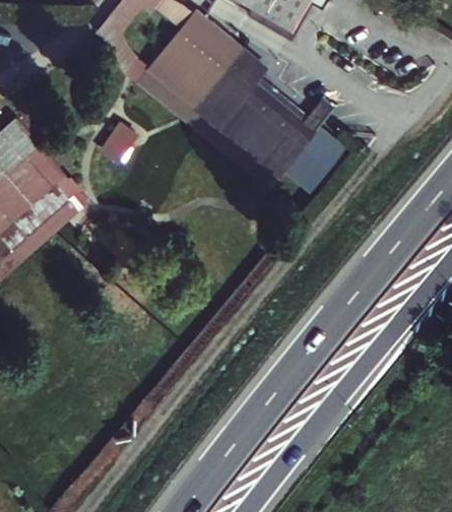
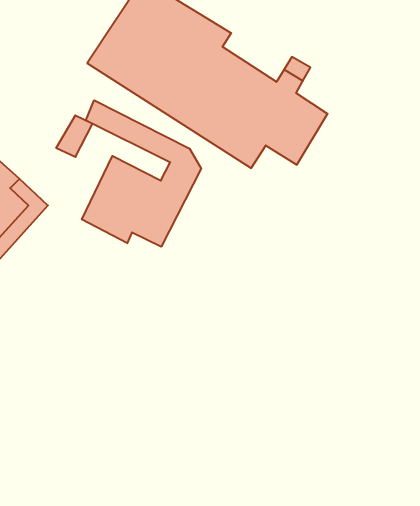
building: none -> [82,100,201,247]

